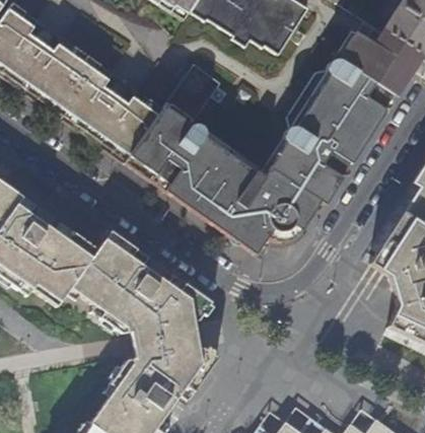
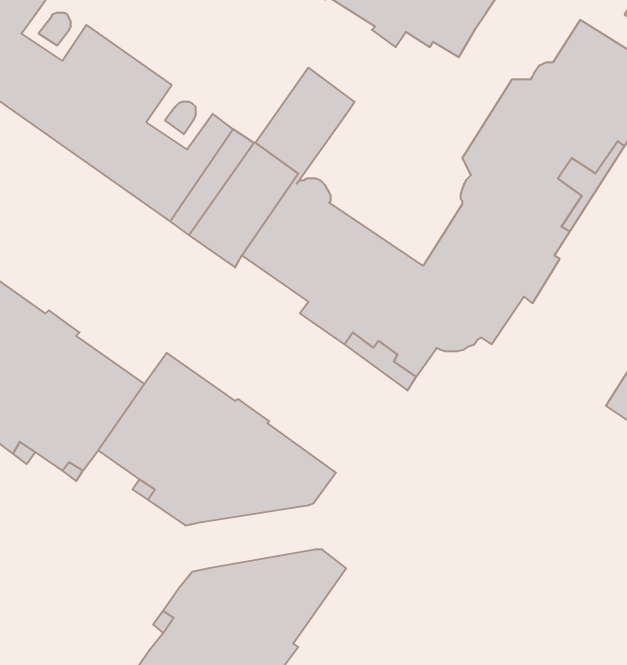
building: [131,320,199,358] -> none

